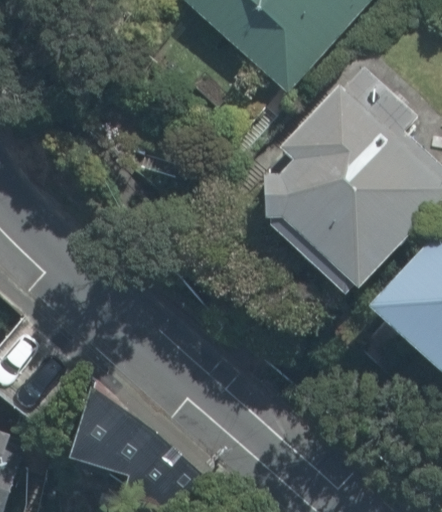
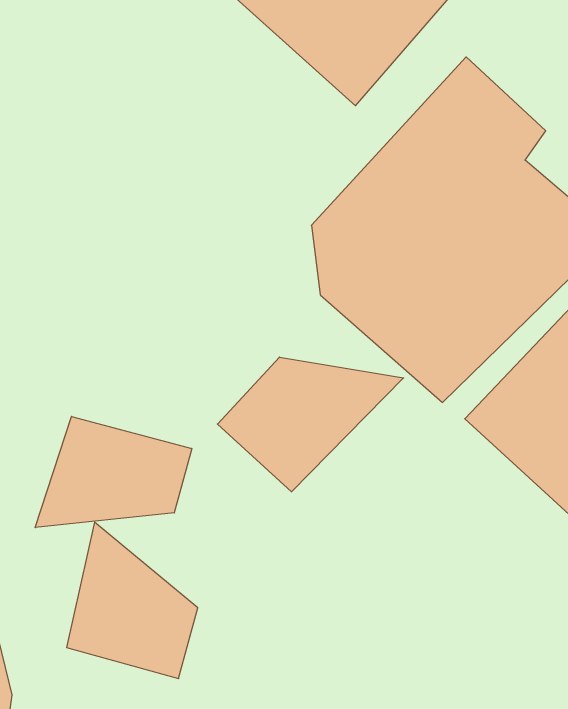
building: none -> [217,357,404,492]
building: none -> [35,416,192,528]

